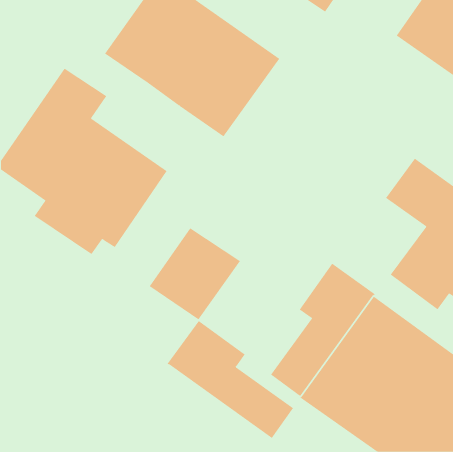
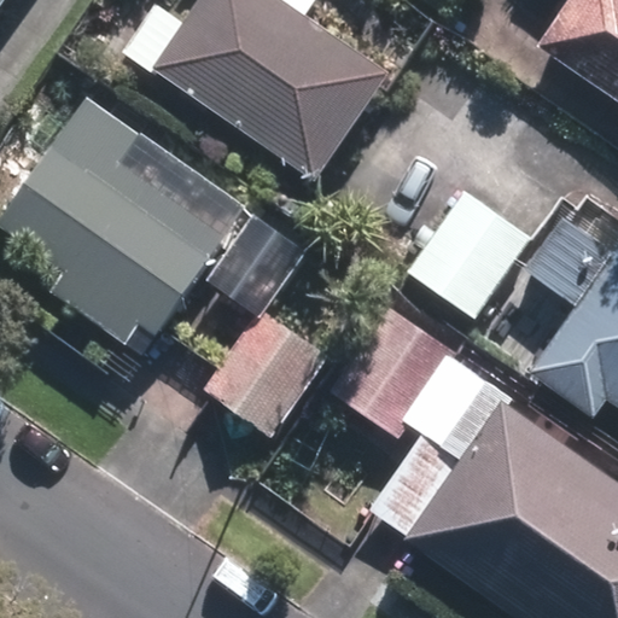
building: none -> [407,188,530,315]
building: none -> [331,305,456,436]
building: [167,320,294,439] -> none

